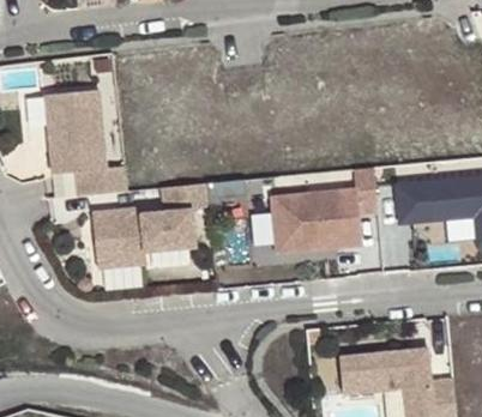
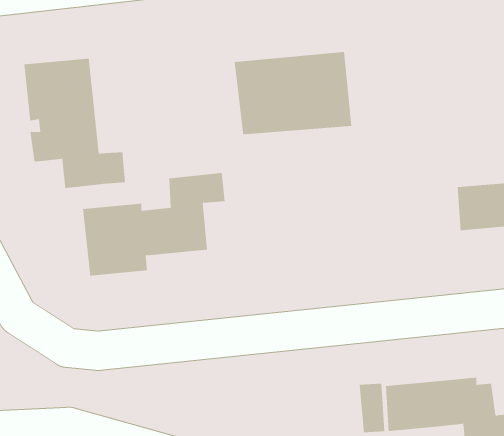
building: [266,188,363,256] -> [234,52,352,135]

